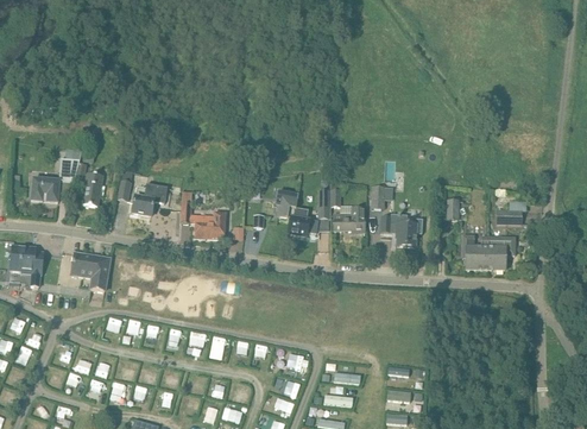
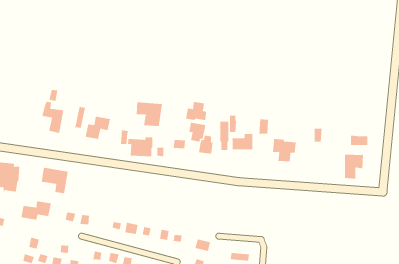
building: [31,158,80,202] -> none
building: none -> [185,101,207,121]
building: none -> [136,102,162,127]
building: [462,234,488,269] -> none
building: none -> [21,200,51,221]

